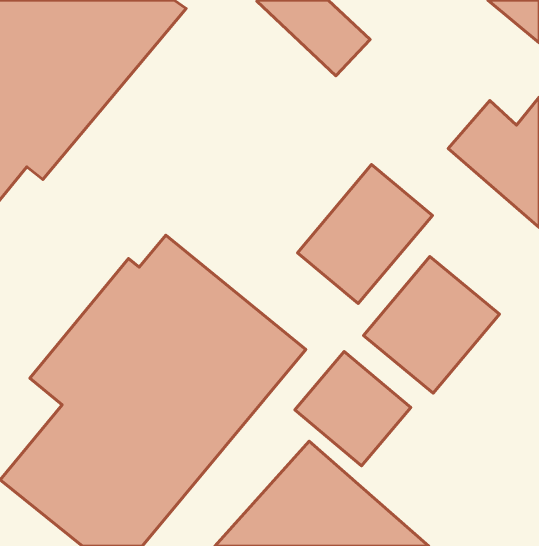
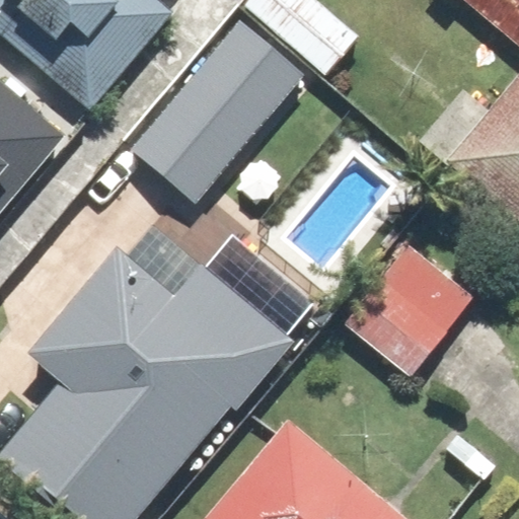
building: none -> [130,17,309,201]
building: [297,165,432,304] -> none
building: [295,352,411,466] -> none

